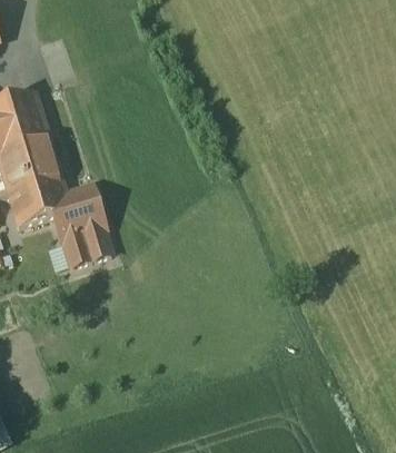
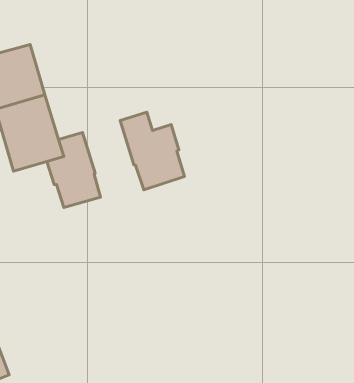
building: none -> [120,112,184,190]

